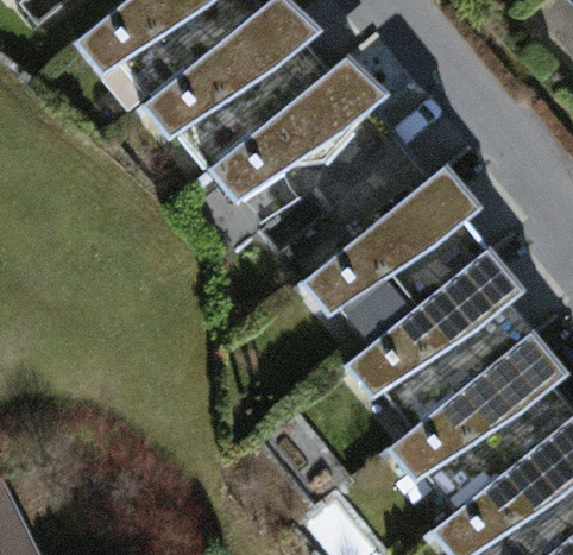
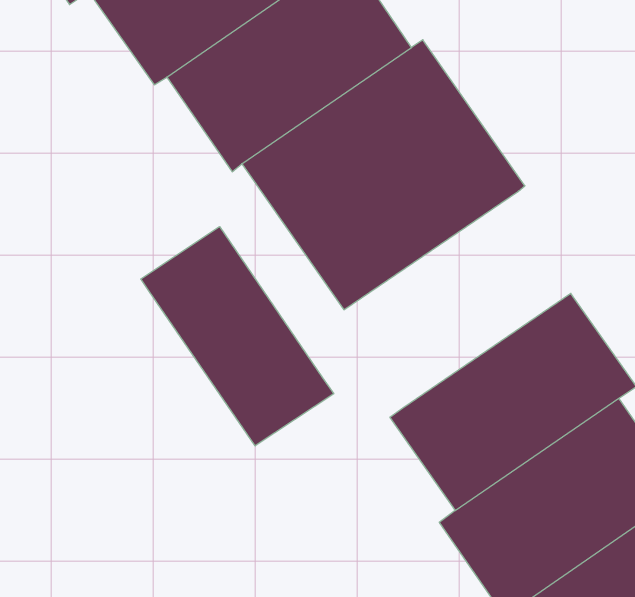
building: [300,171,492,353] -> none
building: none -> [141,227,334,446]

